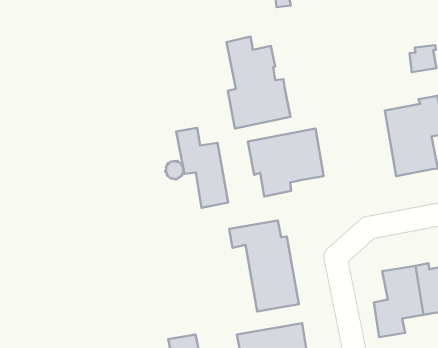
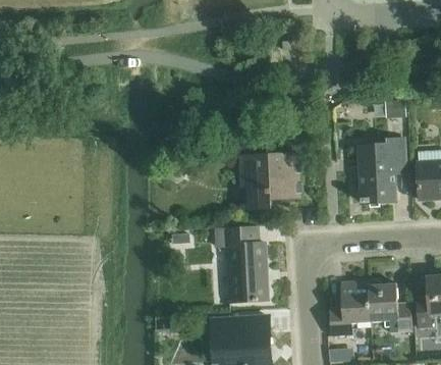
building: [226,37,291,129] -> none
building: [176,128,228,208] -> none

